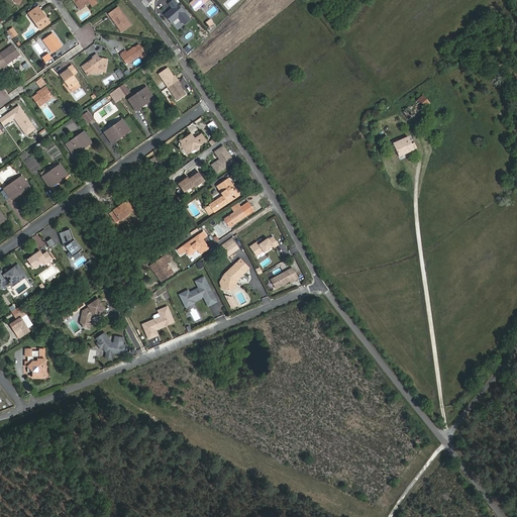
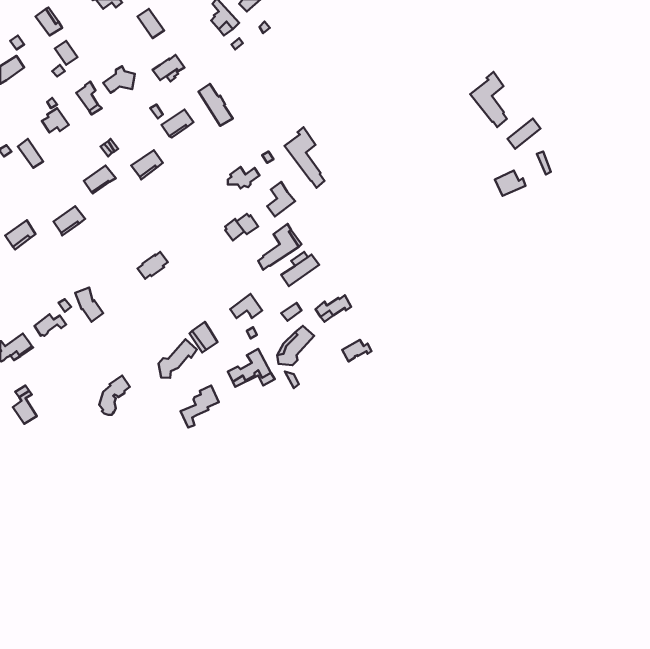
building: none -> [470,72,507,127]
building: none -> [285,127,324,188]
building: none -> [159,339,197,378]
building: [97,332,125,355] -> none
building: [24,347,44,377] -> none

